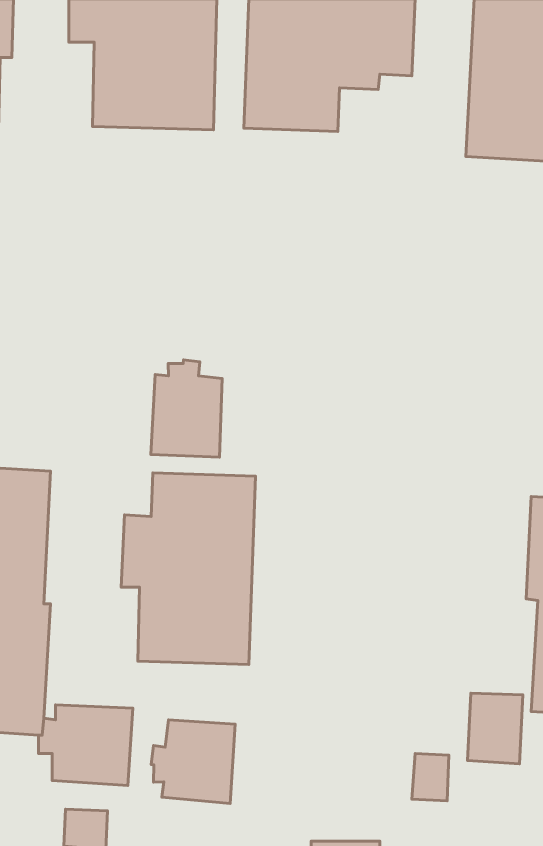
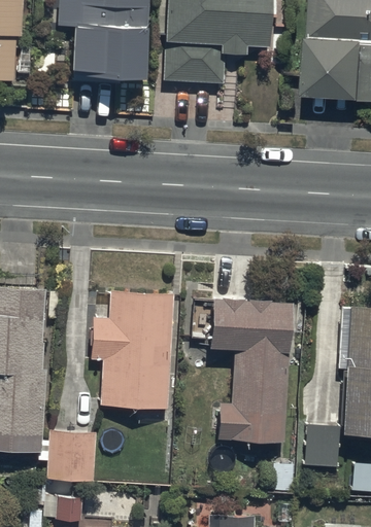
building: [151,360,222,457] -> none
building: none -> [210,298,294,442]
building: [151,720,235,803] -> none

